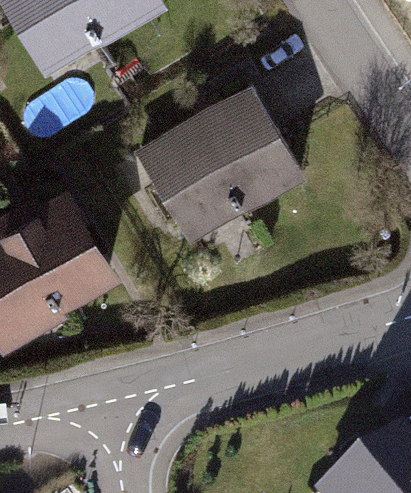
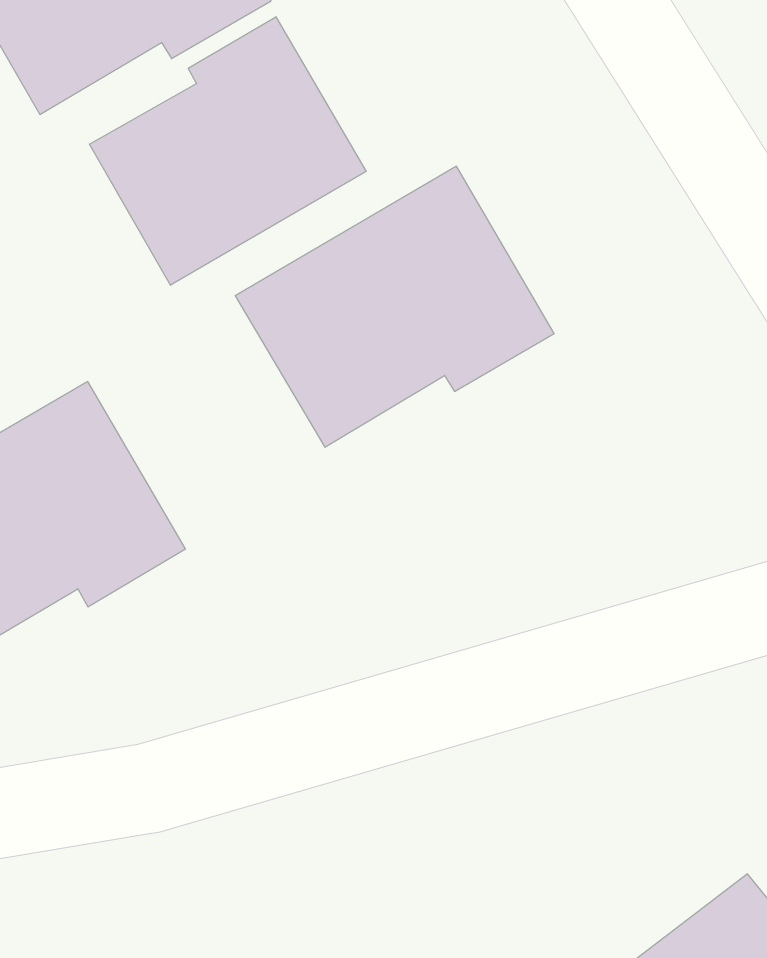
building: none -> [89,17,366,285]

